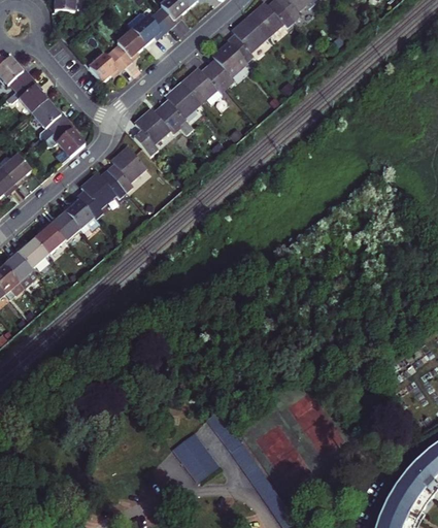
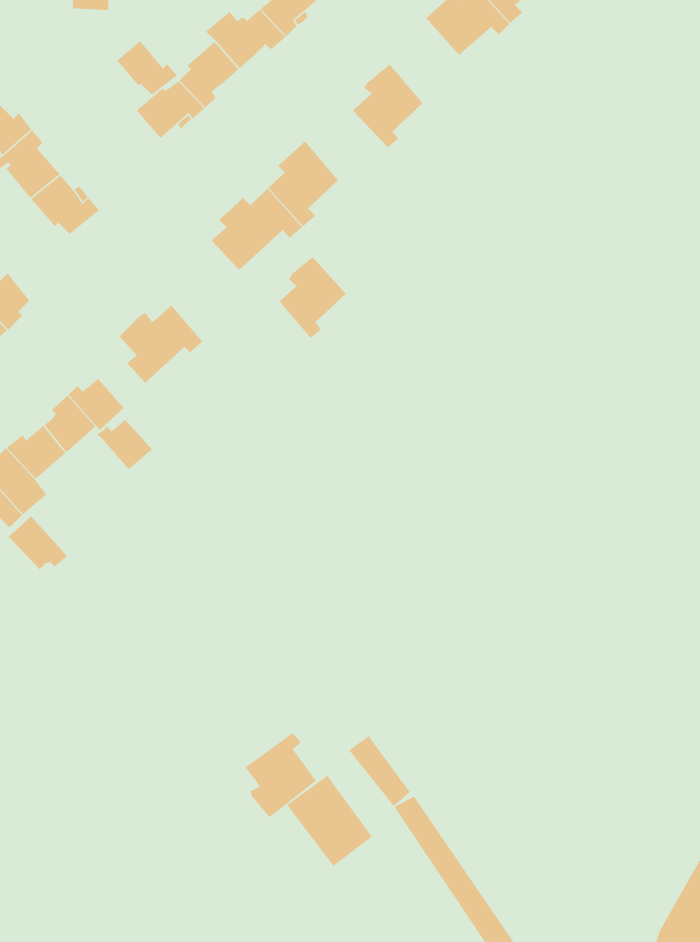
building: [228,14,266,61] -> none
building: none -> [116,40,178,96]
building: [181,65,227,103] -> none
building: [42,120,85,165] -> none
building: [108,146,145,192] -> [279,256,346,339]
building: [65,200,96,228] -> [96,419,153,470]
building: none -> [8,515,68,570]
building: none -> [244,732,317,818]

